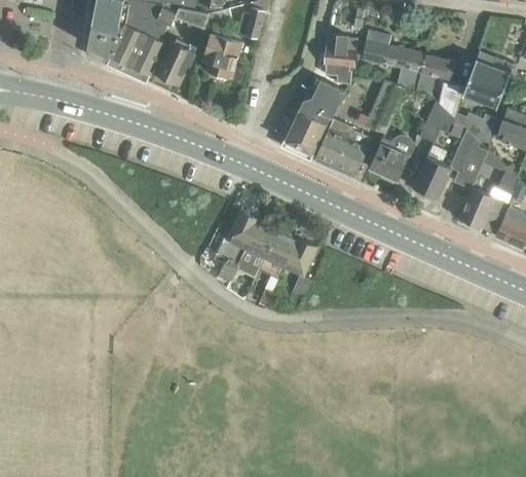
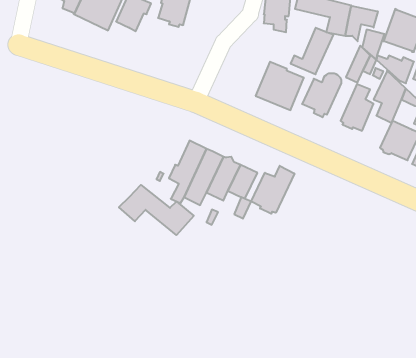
building: [285,79,344,154] -> none
building: none -> [251,166,294,214]
building: none -> [119,185,194,235]

